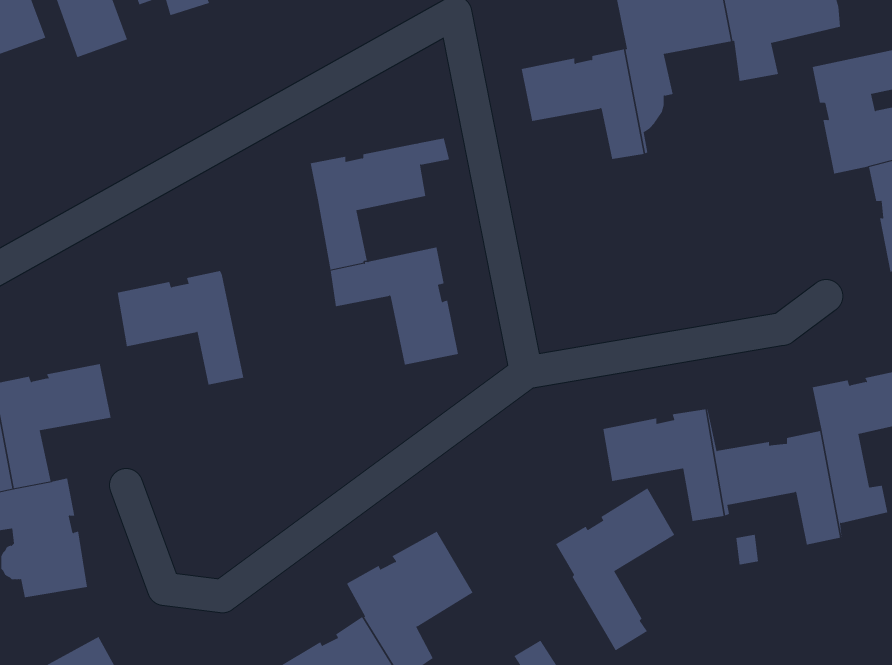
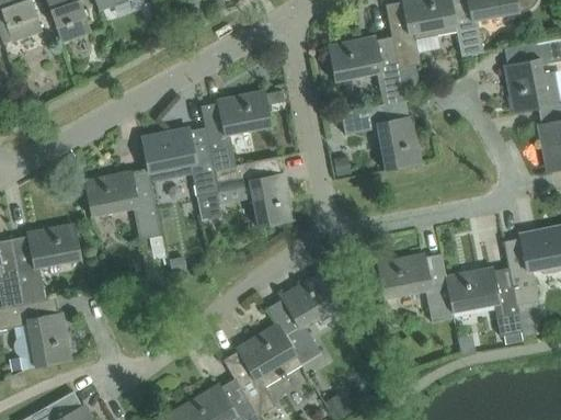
building: none -> [340,98,417,169]
building: none -> [141,126,221,220]
building: [555,488,675,651] -> [267,272,340,371]

